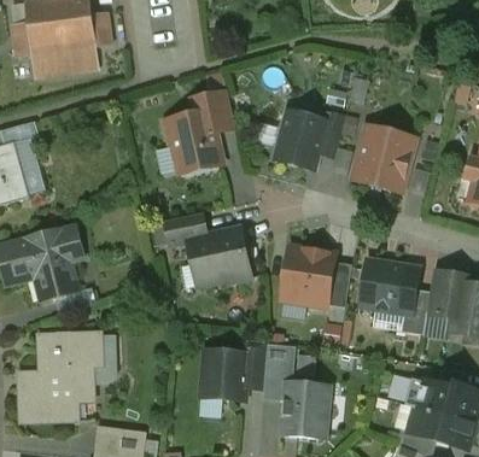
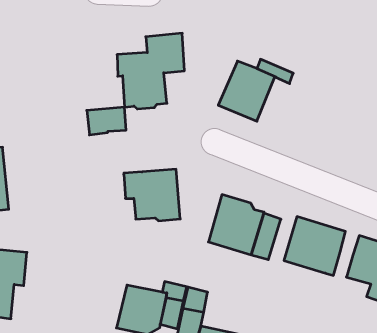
building: [352,125,415,192] -> none
building: [164,212,206,245] -> [87,107,126,135]
building: [402,289,430,334] -> none

